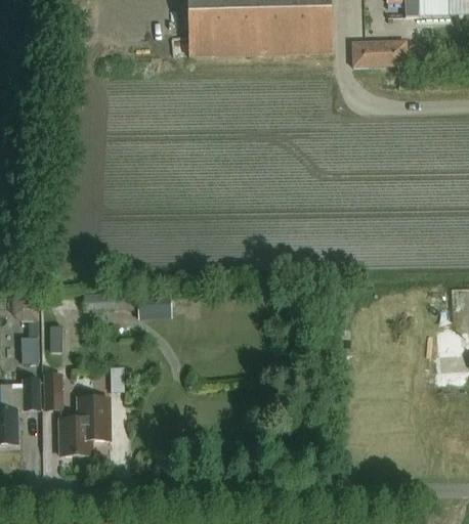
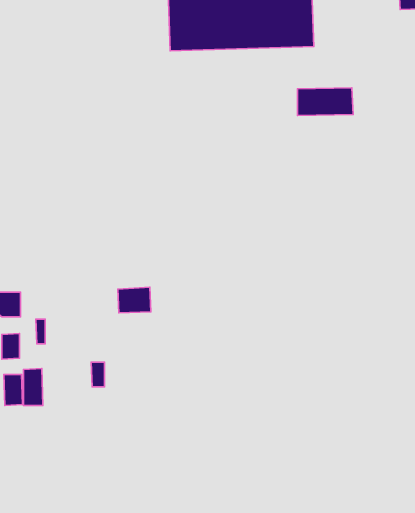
building: [352,41,408,69] -> [298,88,353,116]
building: [84,294,135,312] -> none
building: [59,398,110,457] -> none

